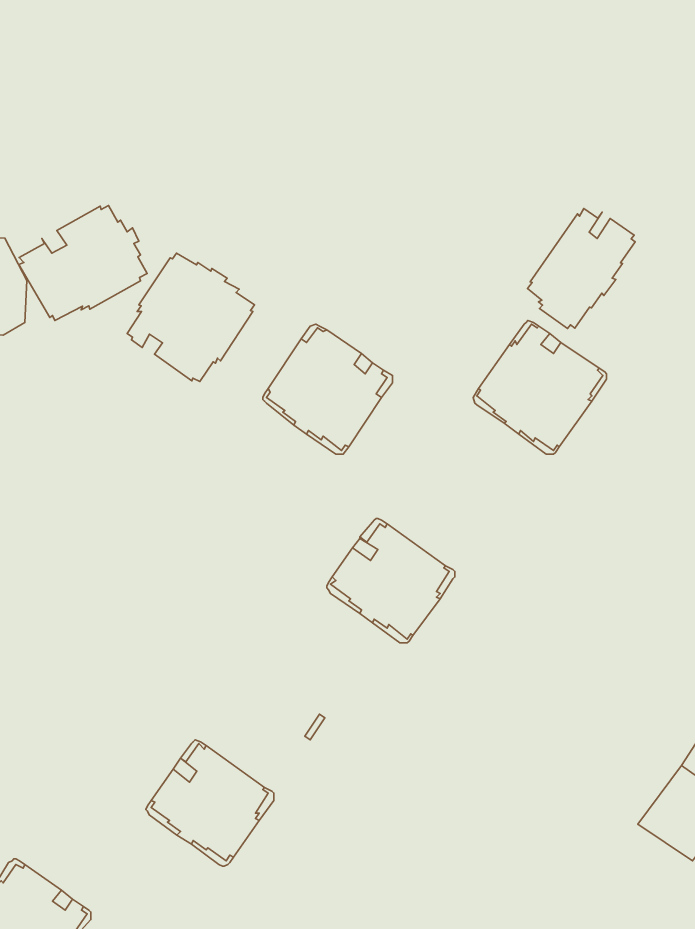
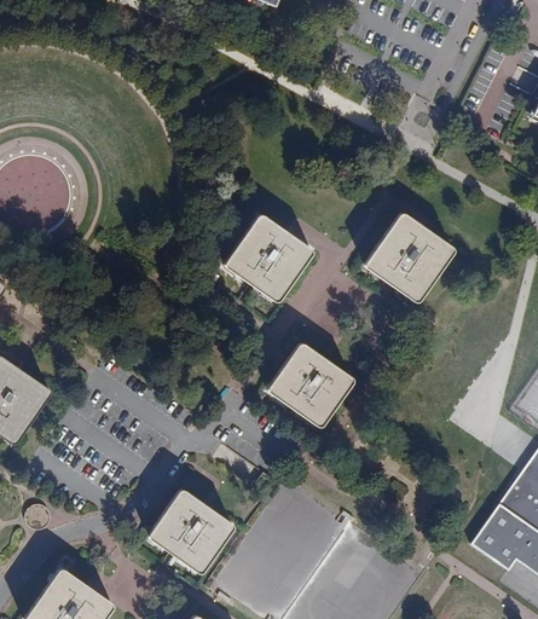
building: [19,206,147,320] -> none
building: [528,208,635,328] -> none
building: [127,253,255,381] -> none

